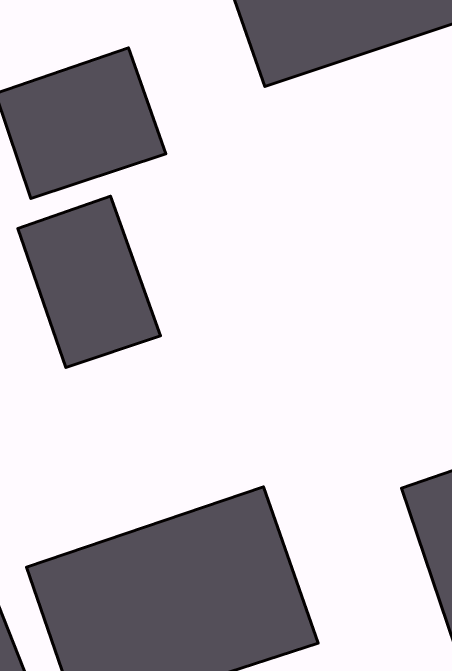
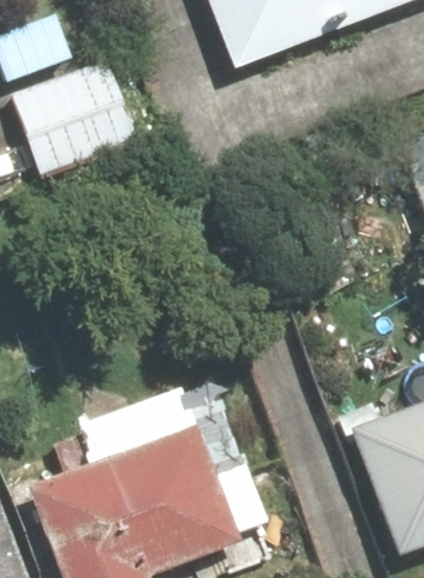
building: [18,196,160,368] -> none

